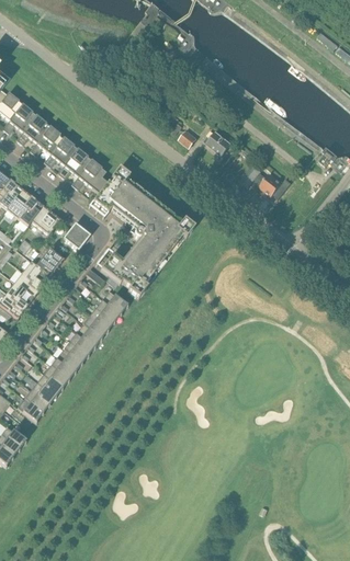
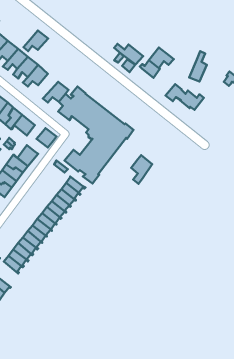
building: none -> [114,44,143,64]
building: none -> [149,48,174,68]
building: none -> [189,51,207,81]
building: [58,149,92,178] -> [23,30,48,51]
building: none -> [131,155,152,184]

